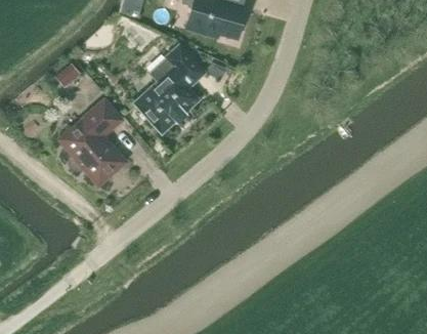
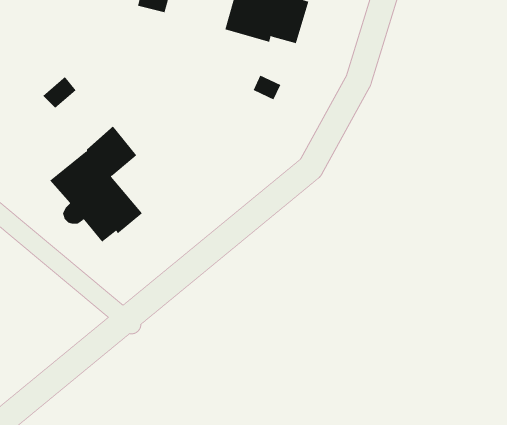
building: [134,46,201,134] -> none

